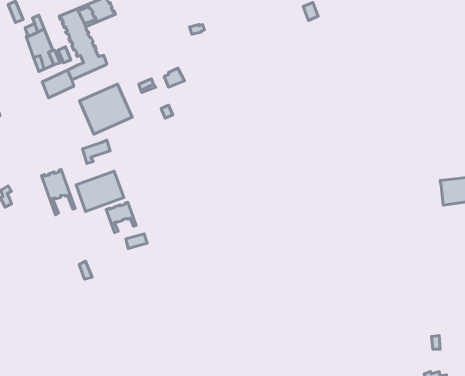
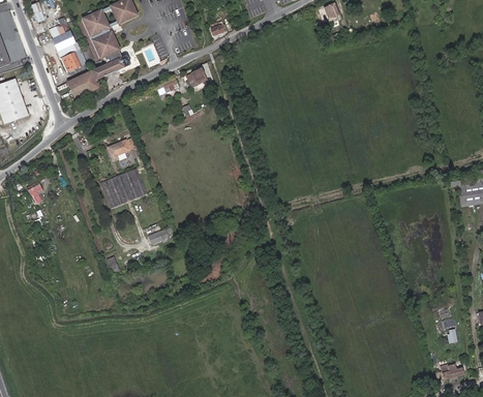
building: [79,84,132,134] -> none
building: [41,170,75,215] -> none
building: [106,202,136,233] -> none

